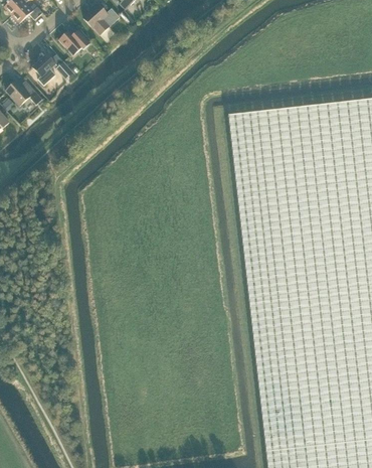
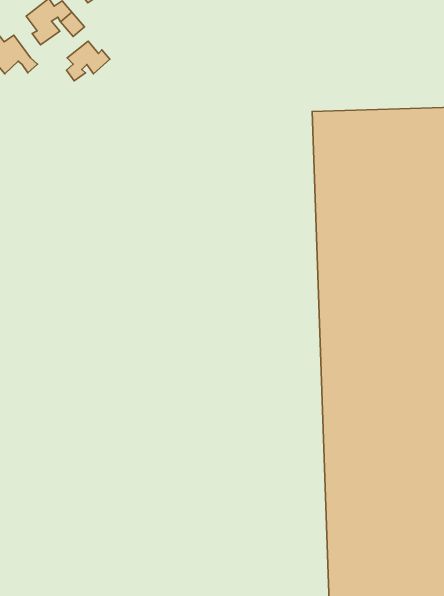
building: none -> [66,41,110,81]

